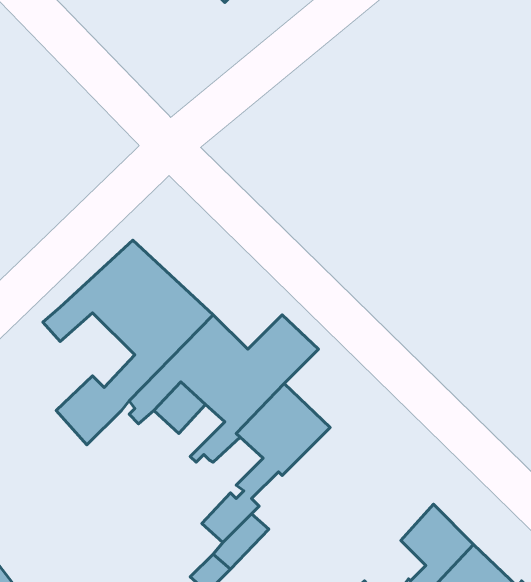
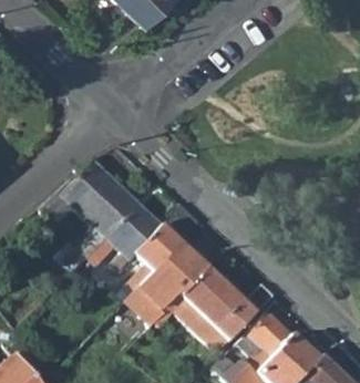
building: none -> [164,269,277,353]

